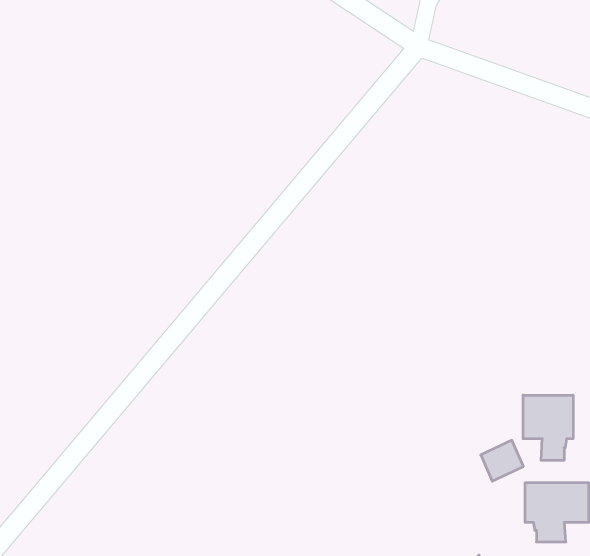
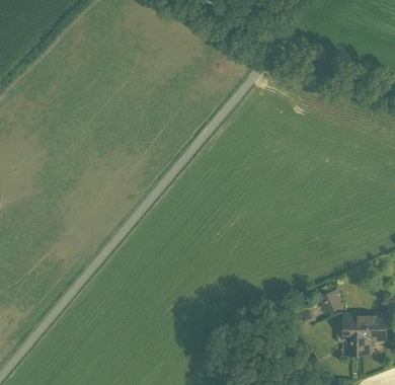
building: [523,395,573,460] -> none

